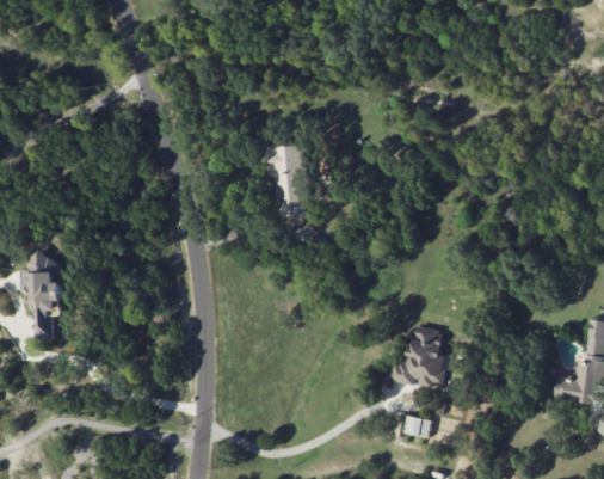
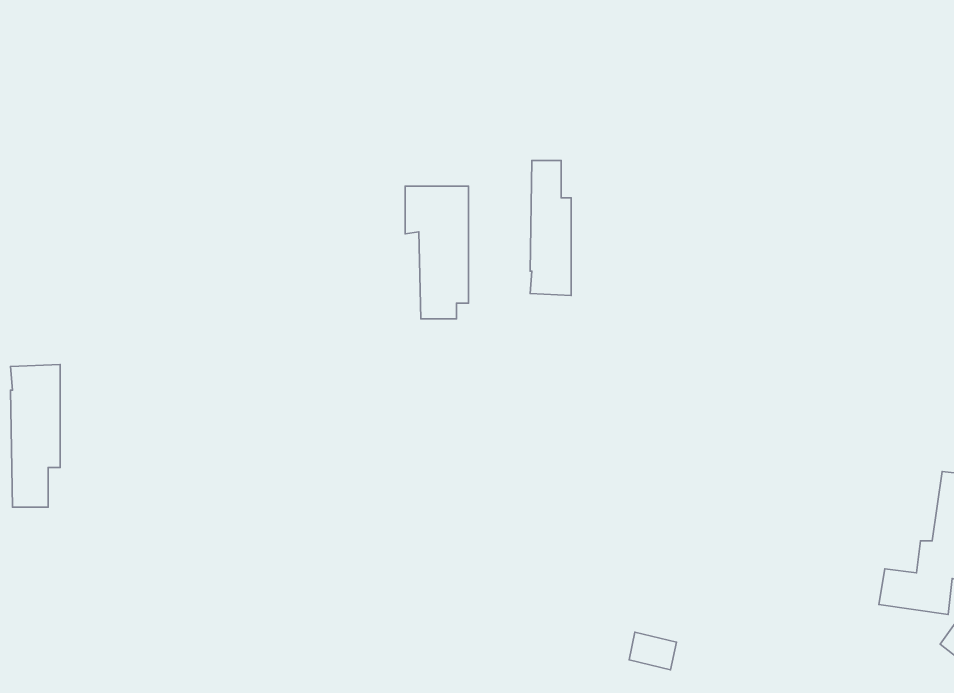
building: none -> [530,161,571,295]
building: [389,326,444,387] -> none

